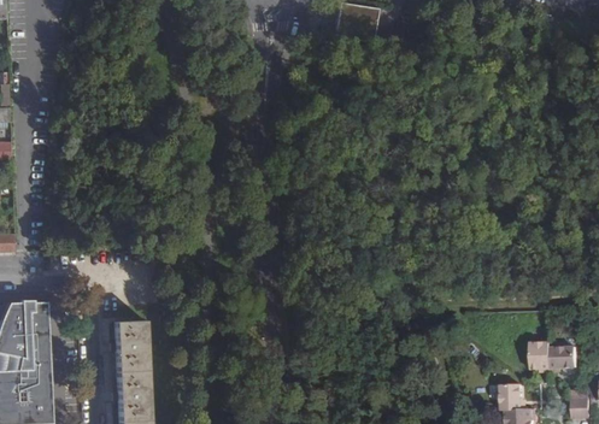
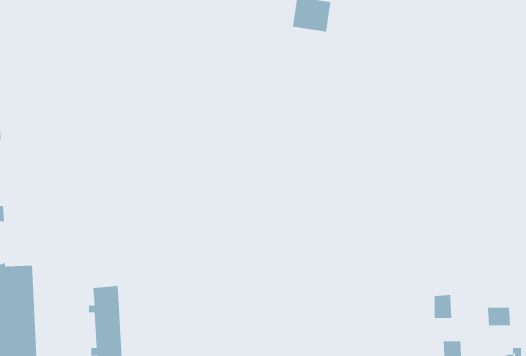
building: [533,342,553,369] -> [434,295,452,318]

